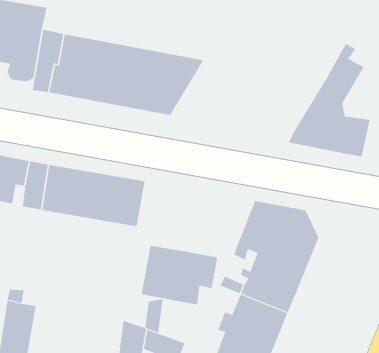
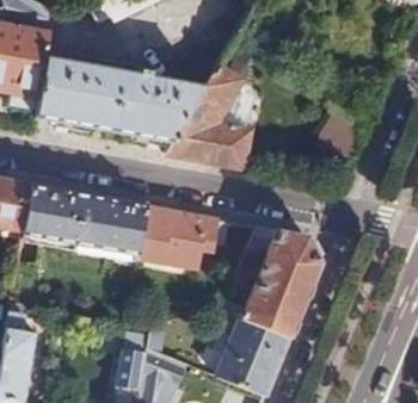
building: [288,43,371,157] -> [167,54,250,167]
building: [141,245,218,305] -> [140,206,216,266]

